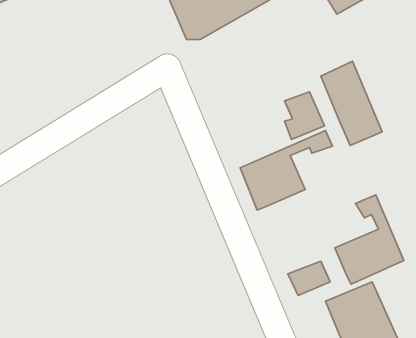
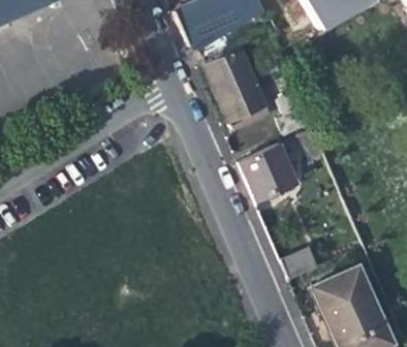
building: [321,61,382,146] -> [206,52,261,128]
building: [335,195,404,284] -> none

